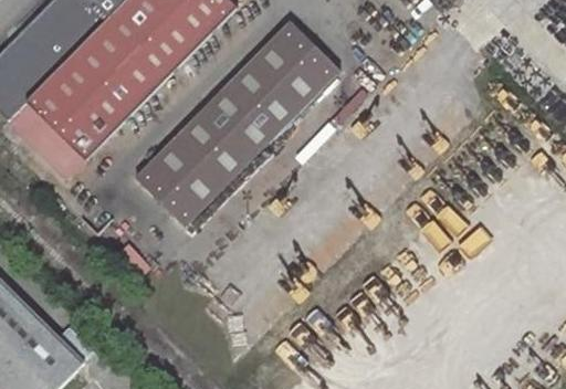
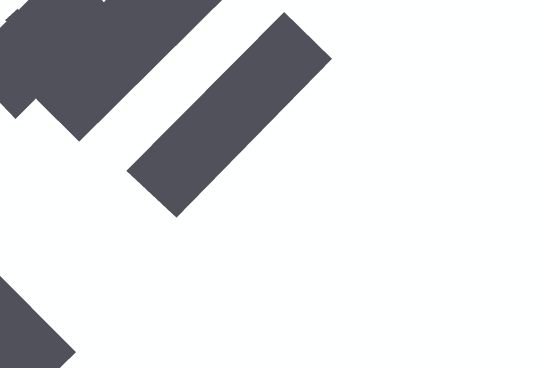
building: [24,113,86,175] -> none

